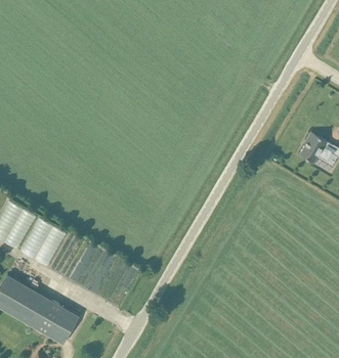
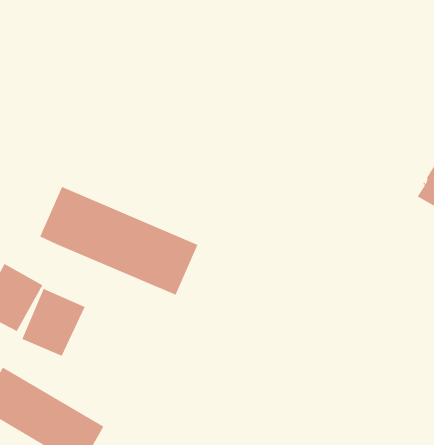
building: none -> [40,186,198,295]

